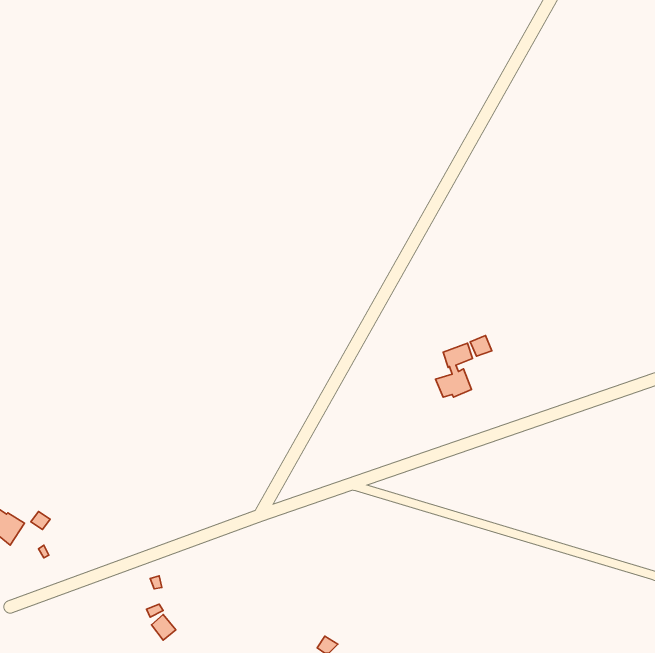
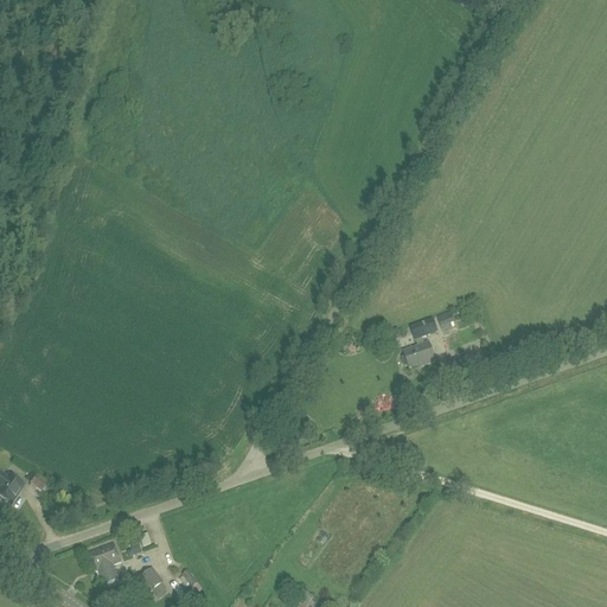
building: none -> [89,541,120,582]

